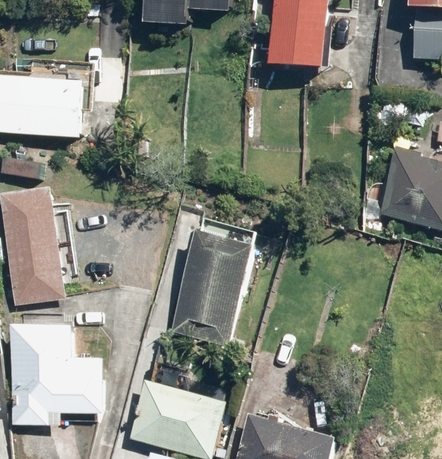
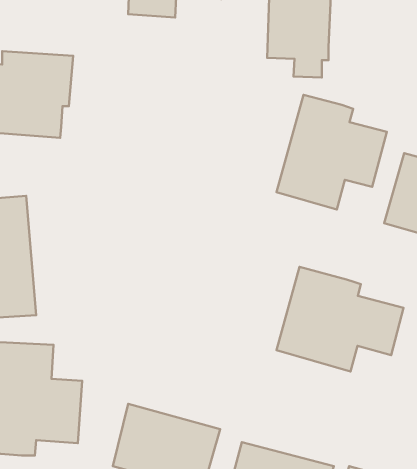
building: none -> [277,95,387,210]
building: [170,216,252,340] -> none
building: none -> [276,267,404,372]

